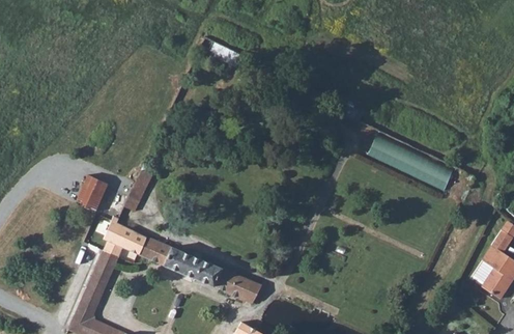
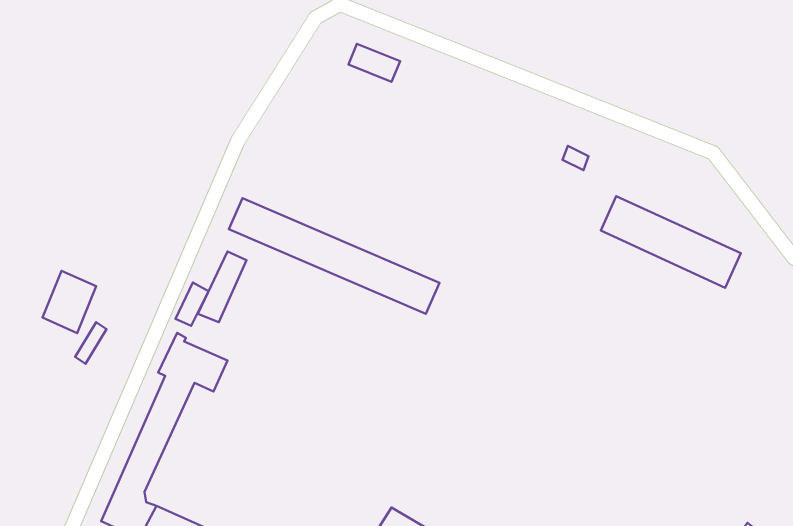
building: [75,174,107,212] -> [43,271,96,333]
building: [134,233,260,303] -> [229,198,440,314]

